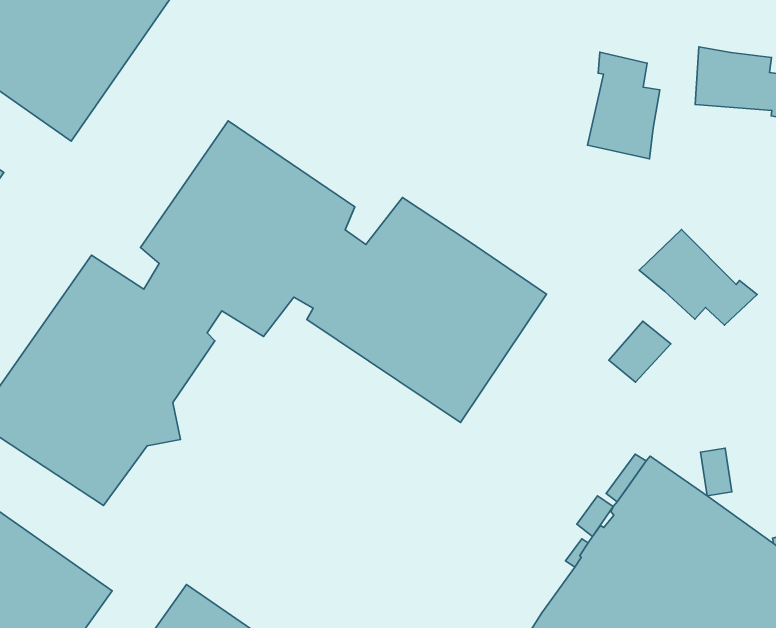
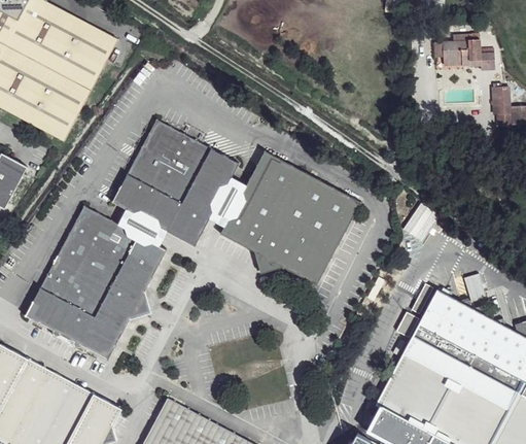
building: [587,52,660,159] -> none
building: [639,229,757,325] -> none

